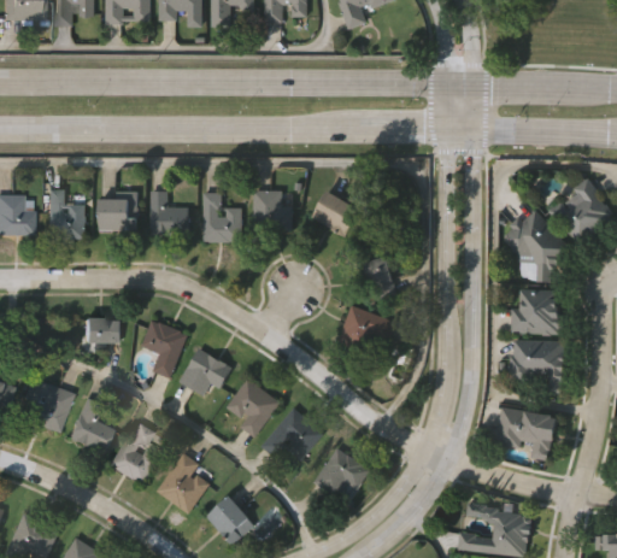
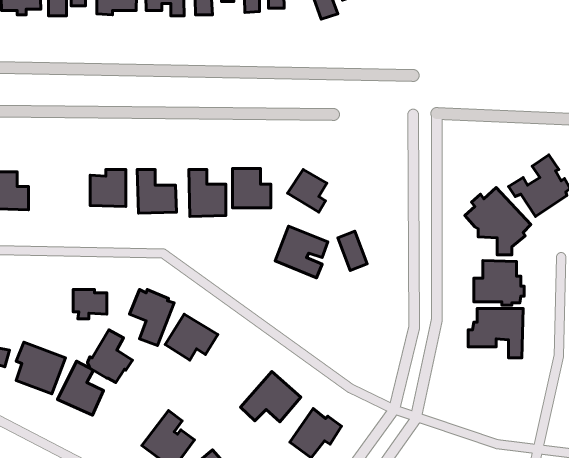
building: [46,189,86,240] -> none
building: [339,304,395,359] -> [275,226,328,278]
building: [225,378,281,437] -> none
building: [492,407,559,462] -> none
building: [113,424,161,481] -> [88,330,132,383]

